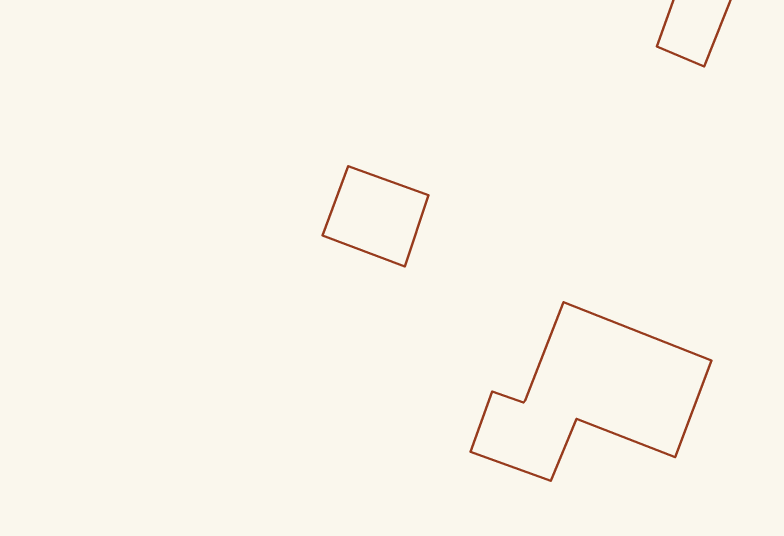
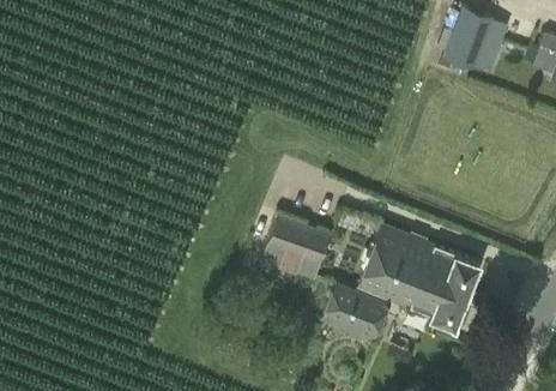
building: [323,166,429,266] -> [262,217,332,283]

